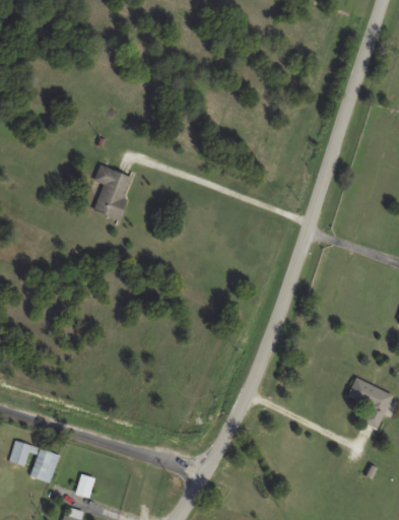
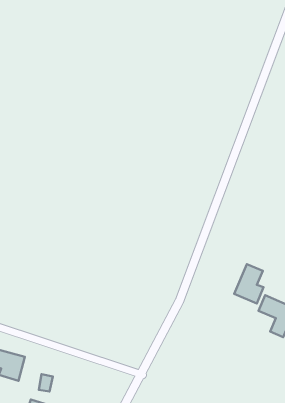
building: [92,166,133,220] -> none
building: none -> [234,264,263,304]

